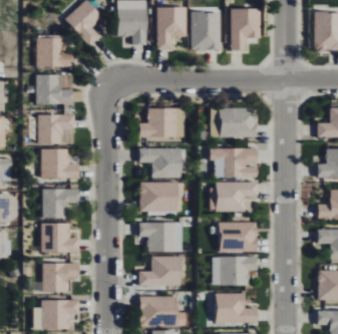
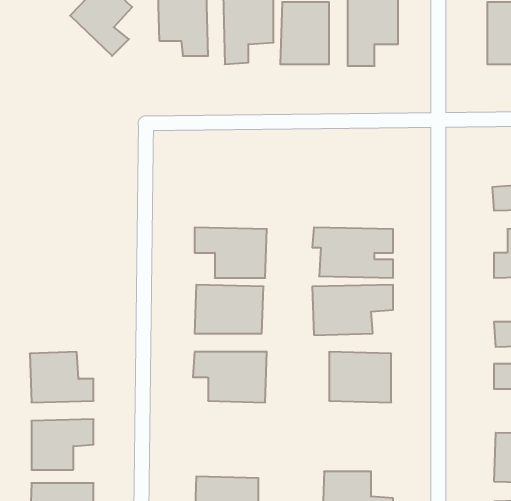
building: [36,37,74,67] -> none
building: [36,74,73,104] -> none
building: [139,107,184,137] -> none
building: [210,107,257,137] -> none
building: [38,114,75,144] -> none
building: [41,148,80,178] -> none
building: [42,189,79,218] -> none
building: [138,256,182,286] -> none
building: [212,256,258,285] -> none

